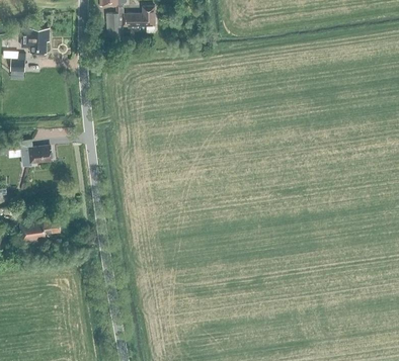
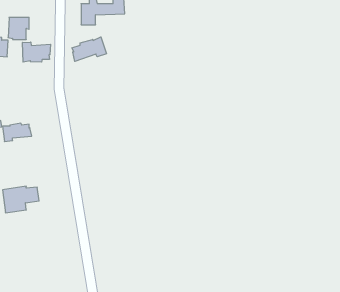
building: none -> [72,37,106,61]
building: none -> [23,42,50,62]

